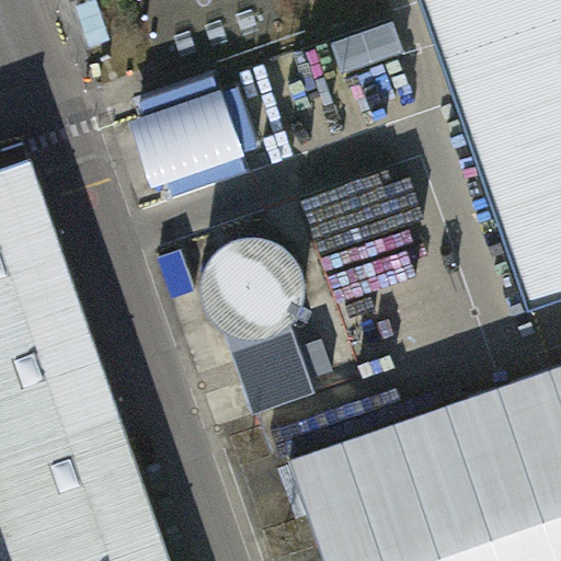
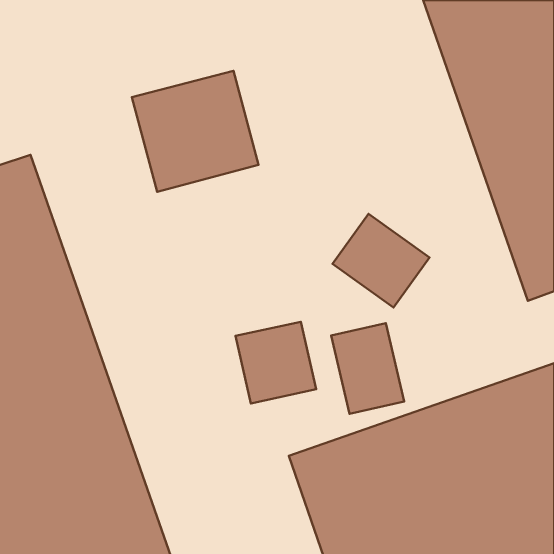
building: [208,227,306,321] -> [333,214,430,308]
building: none -> [331,323,404,414]

